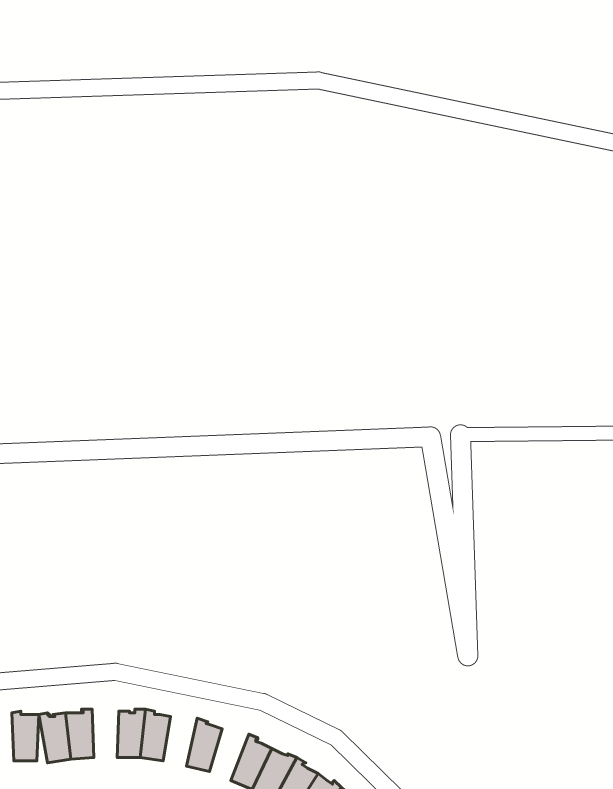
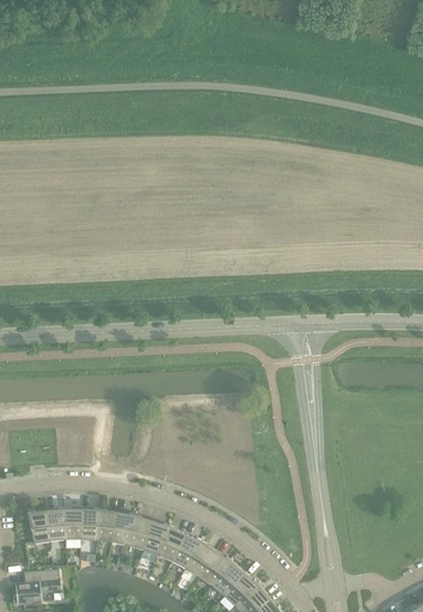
building: [12,711,39,761] -> [63,507,81,540]
building: none -> [111,513,134,546]
building: none -> [142,521,168,556]

